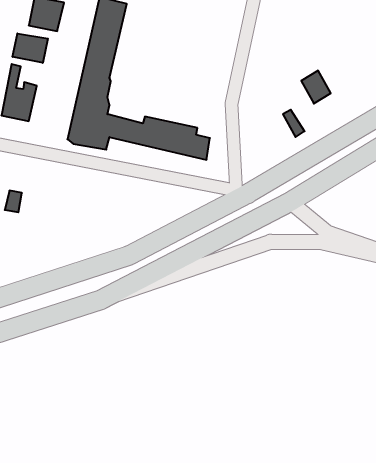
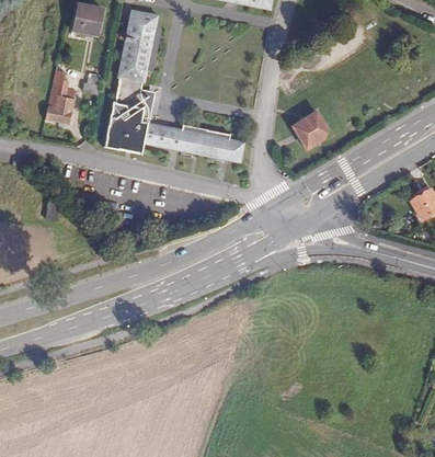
building: [13,33,48,63] -> none
building: [301,71,331,104] -> [294,121,322,152]

